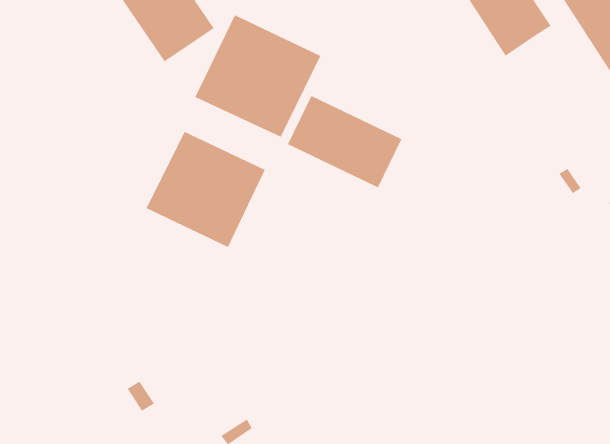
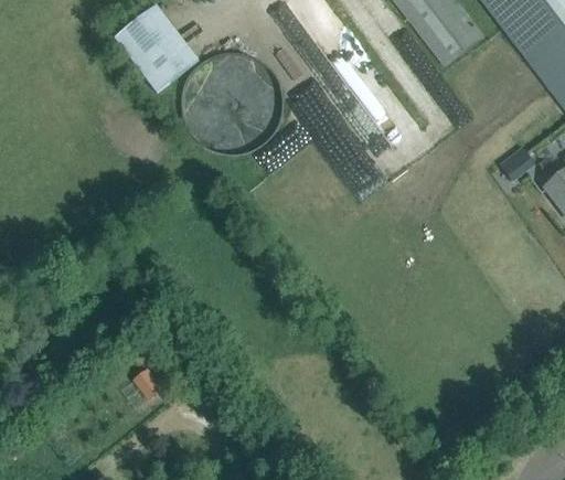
building: [287,95,402,188] -> none
building: [146,131,266,248] -> none

